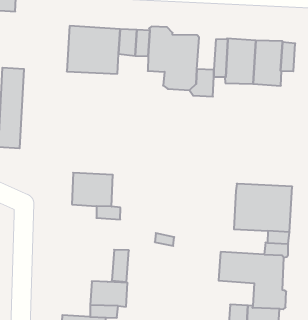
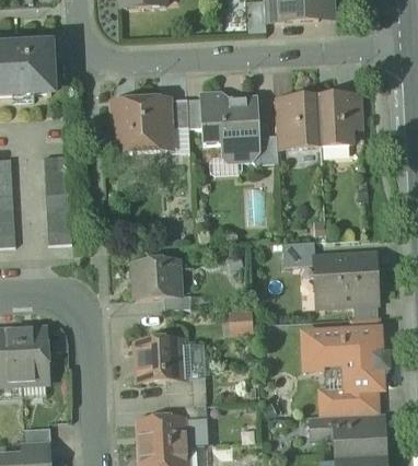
building: none -> [282,241,315,265]
building: none -> [136,339,184,381]

